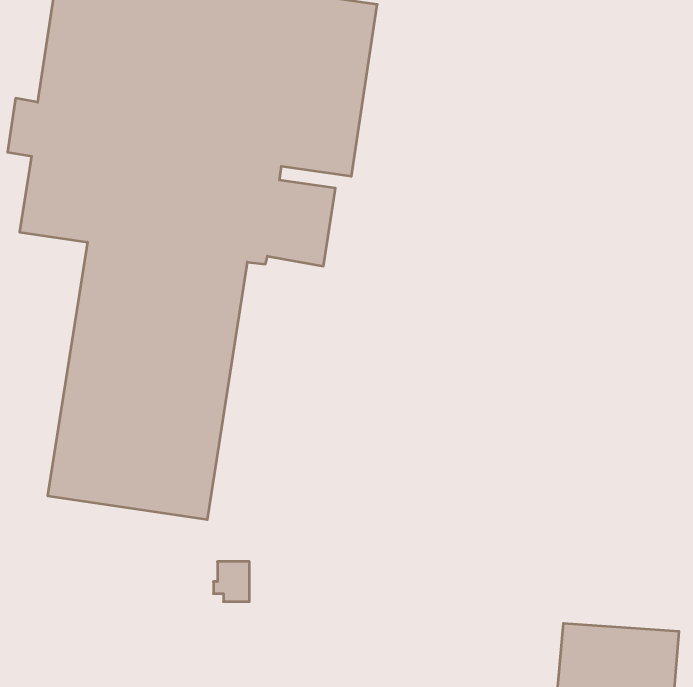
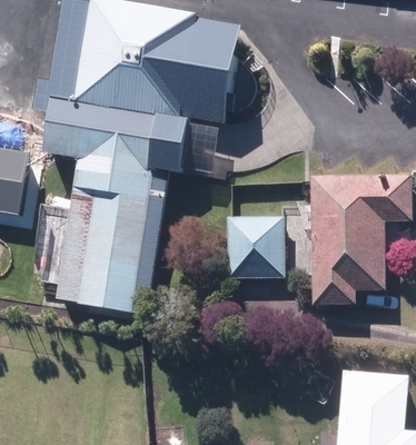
building: none -> [310,175,409,305]
building: none -> [227,218,283,277]

